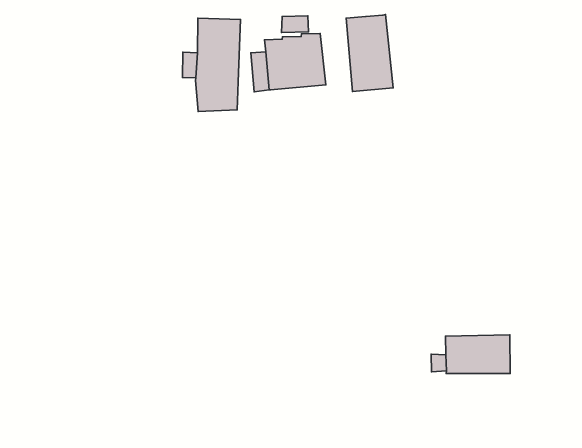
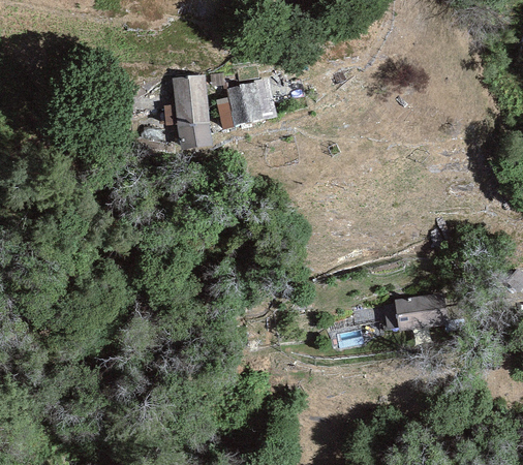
building: [346,15,393,91] -> none

